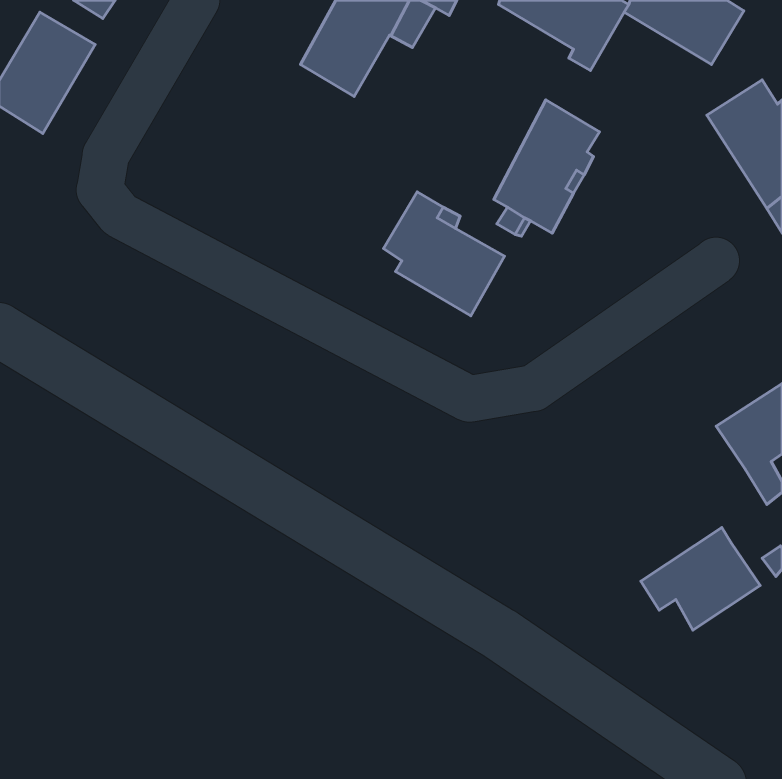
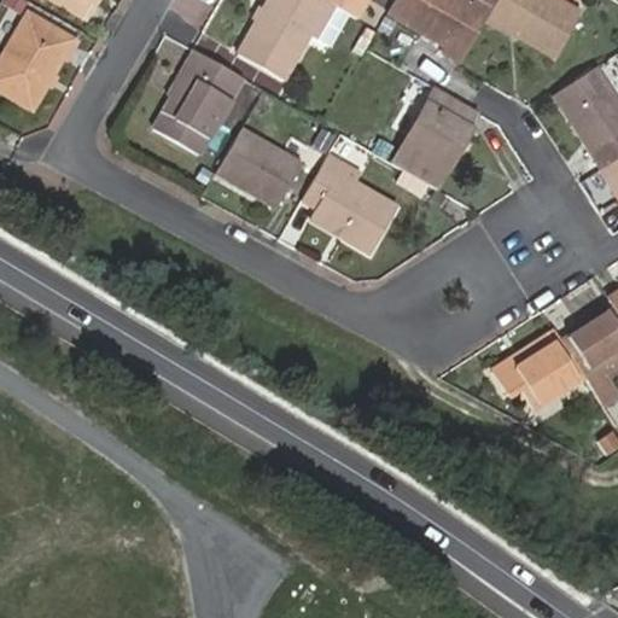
building: none -> [156,52,245,156]
building: none -> [216,129,299,208]
building: [641,527,760,630] -> [492,327,587,408]

